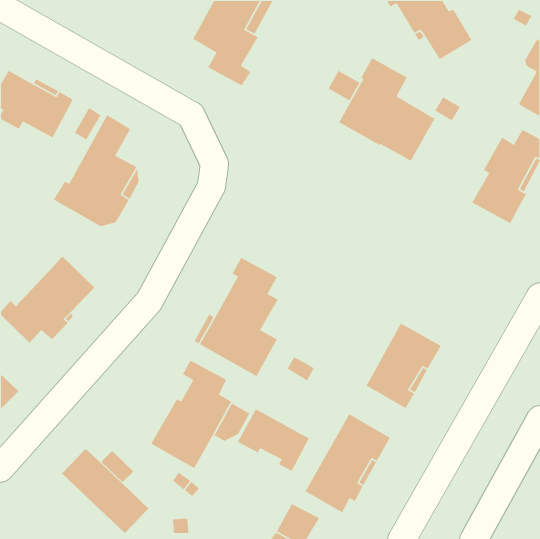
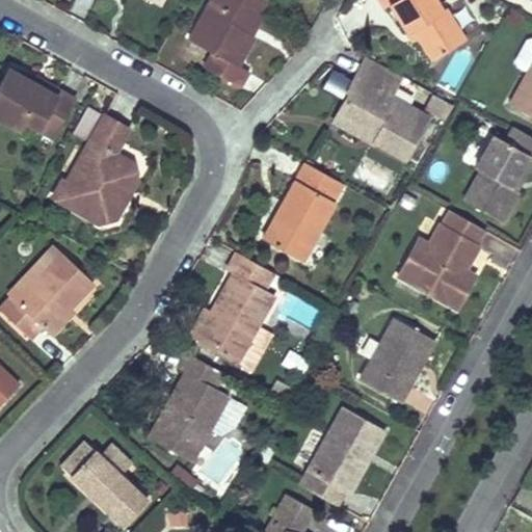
building: none -> [264,163,342,259]
building: none -> [398,211,485,310]
building: [237,408,310,472] -> none

